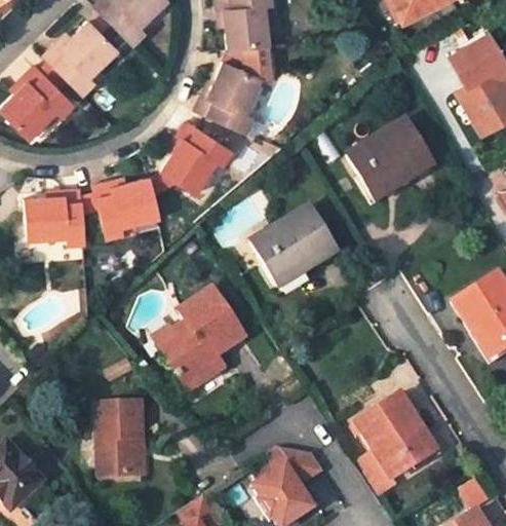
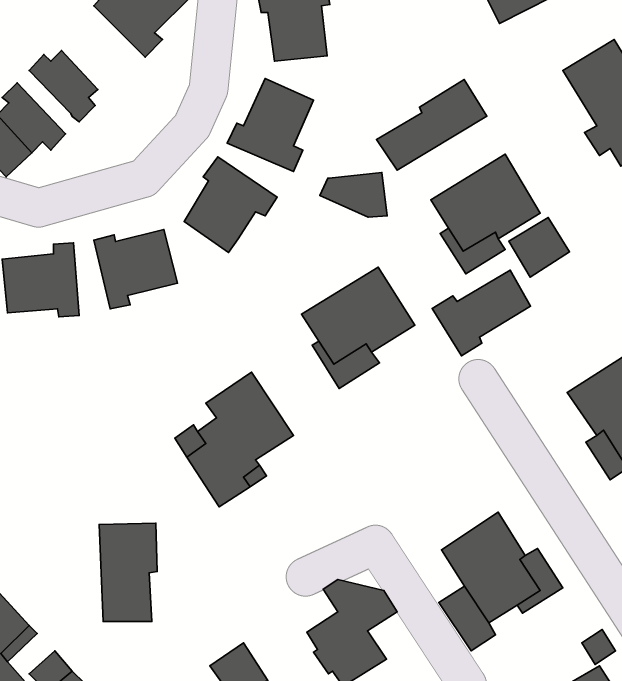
building: [68,22,115,71] -> none
building: [223,45,274,79] -> [320,173,387,217]
building: none -> [377,80,487,170]
building: none -> [509,217,570,277]
building: none -> [432,270,530,356]

